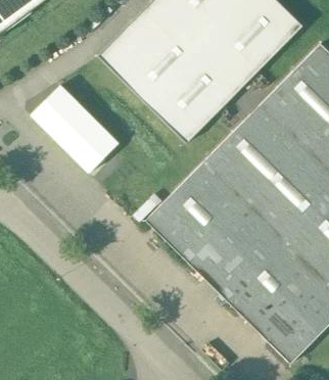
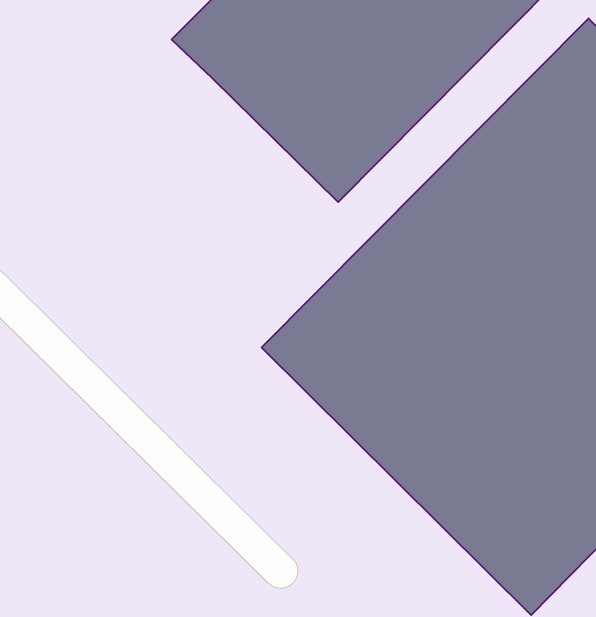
building: [30,84,120,173] -> none

